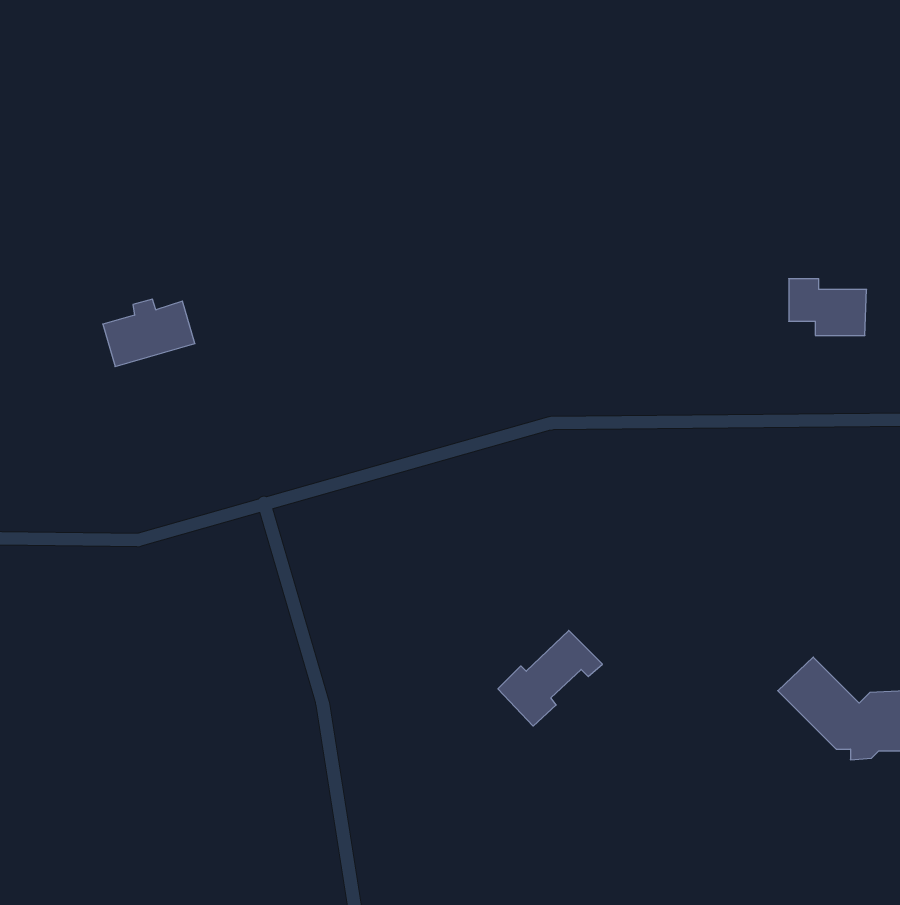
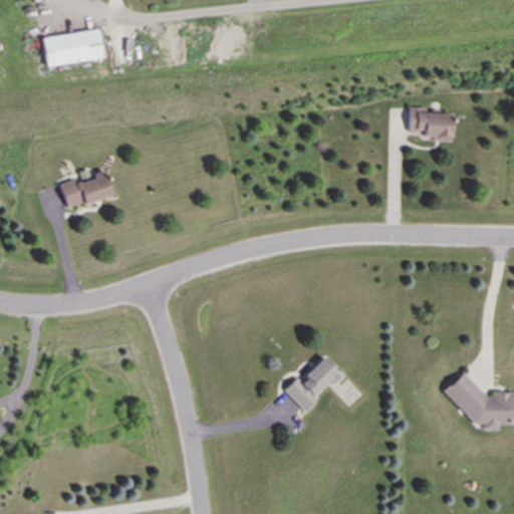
building: none -> [44,29,104,67]
building: [789,279,867,335] -> [410,107,454,140]

